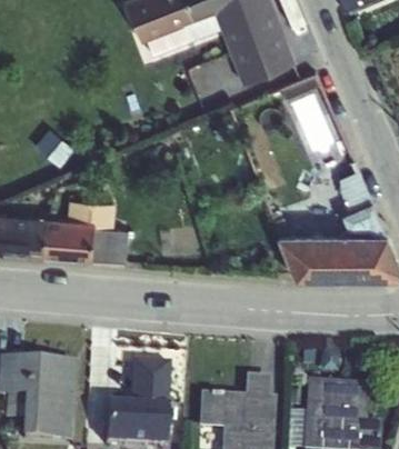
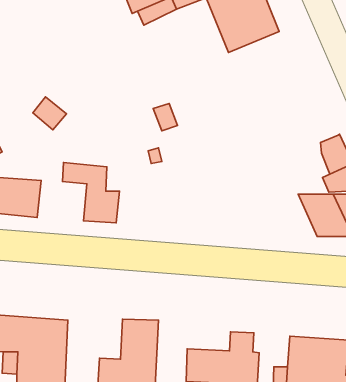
building: [296,72,337,147] -> none
building: [42,216,94,258] -> none
building: [278,230,337,275] -> none

